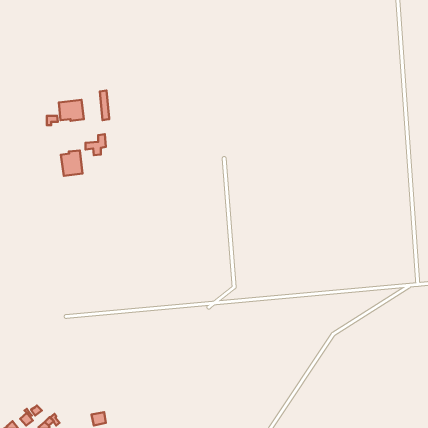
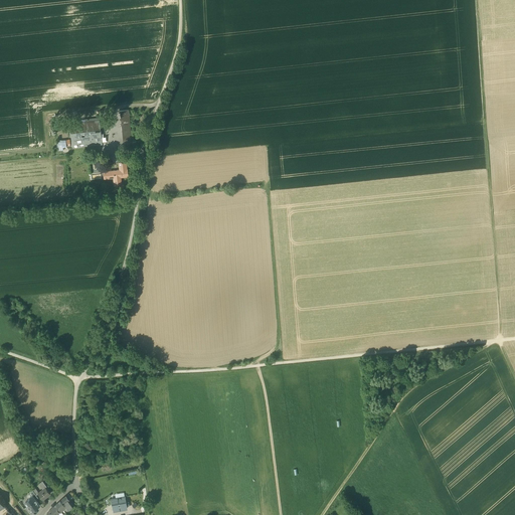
building: [61,150,82,176] -> none

